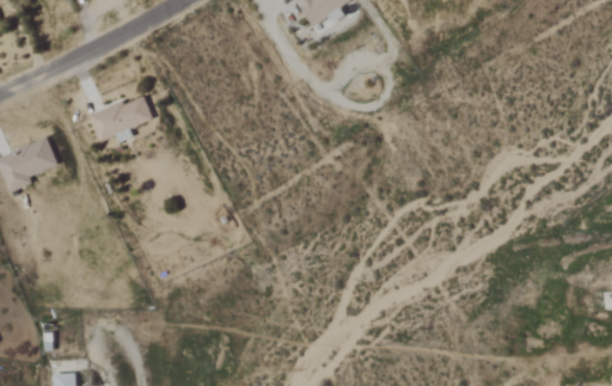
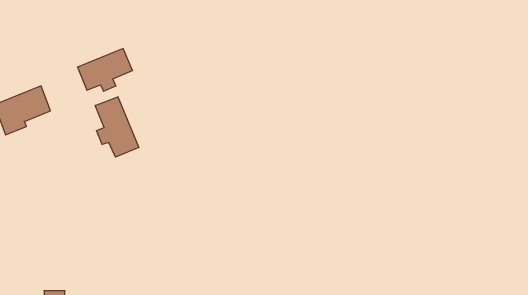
building: none -> [95,97,139,157]

